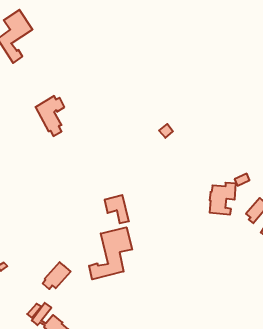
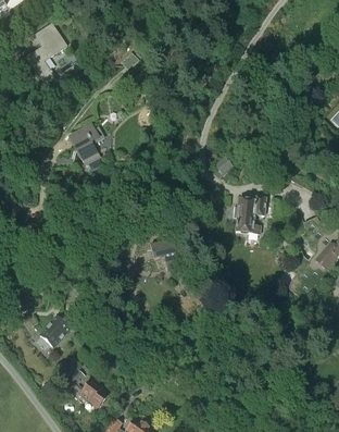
building: [210,183,236,215] -> [236,196,266,233]
building: [89,227,132,279] -> none
building: [43,262,71,289] -> [38,316,71,347]

